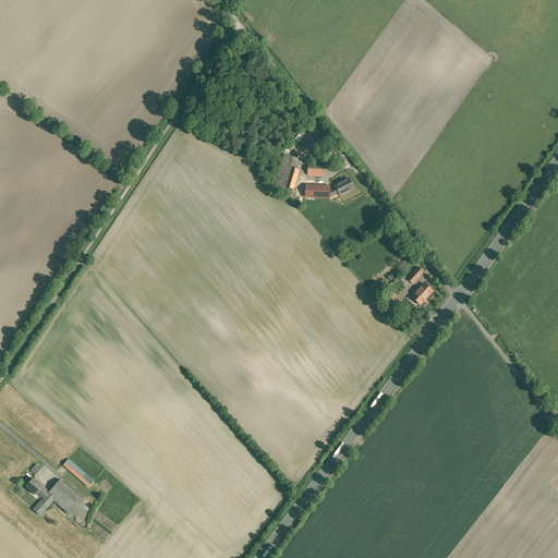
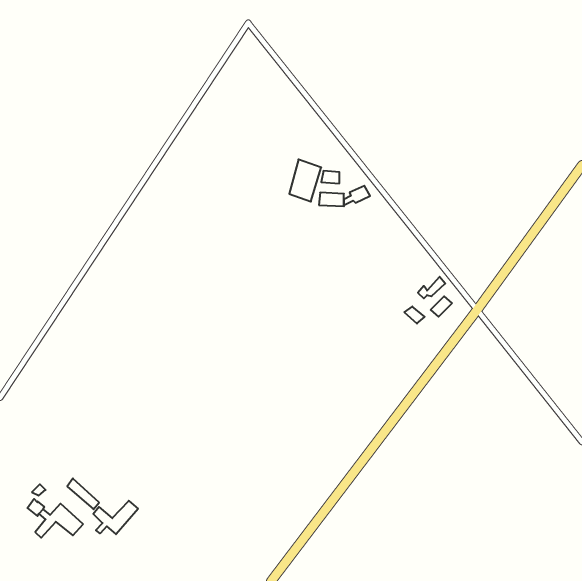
building: none -> [93,501,138,534]

